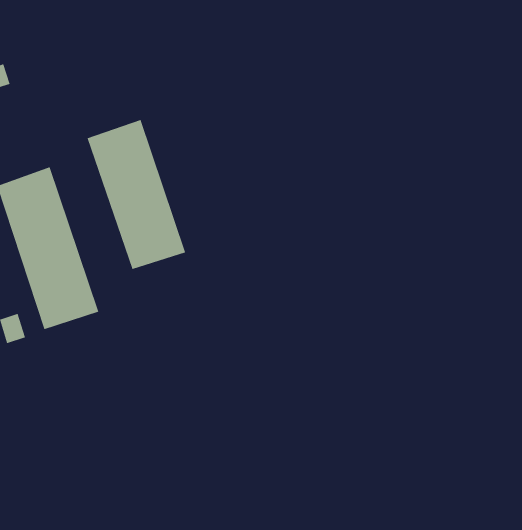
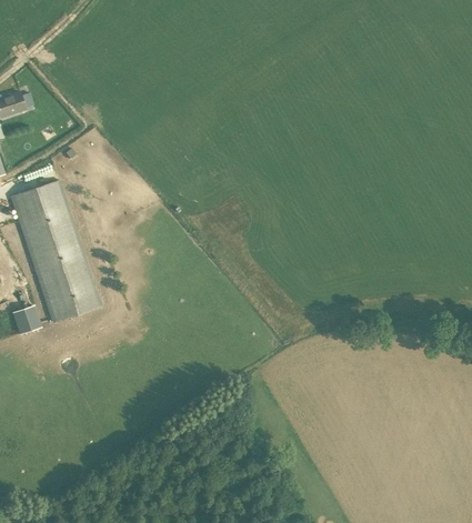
building: [87,119,186,270] -> none

